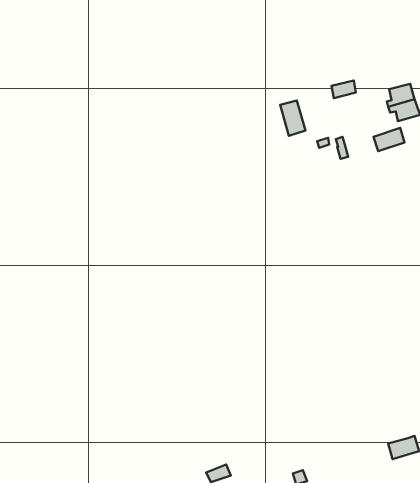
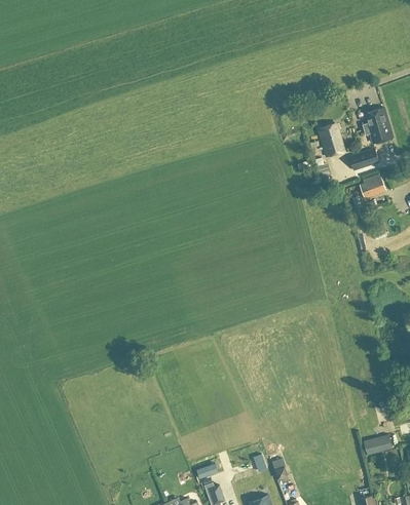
building: [280,100,306,136] -> [319,124,342,157]
building: none -> [360,173,386,199]

